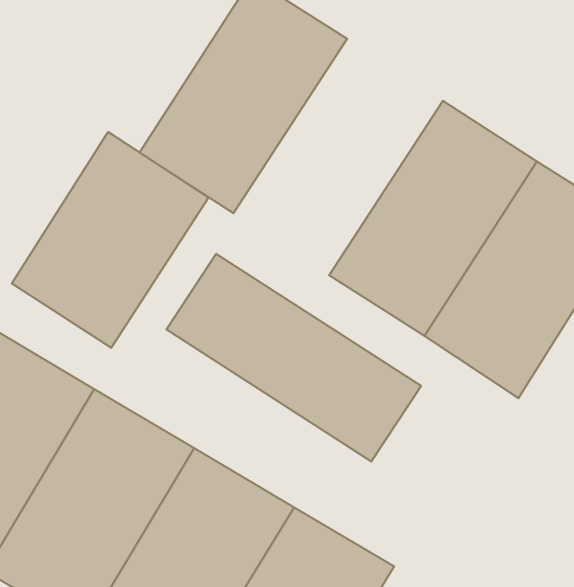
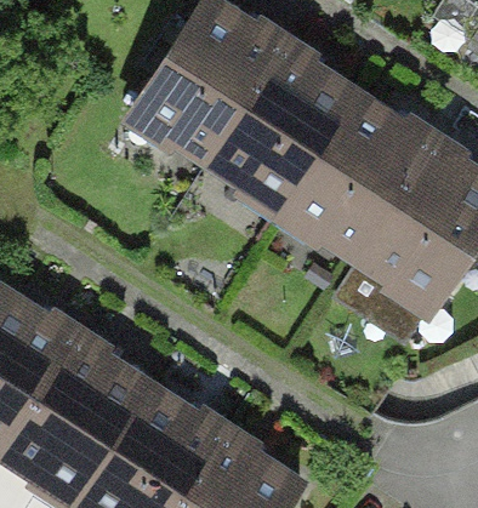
building: none -> [193,44,360,233]
building: [12,132,208,348] -> none
building: [166,254,421,462] -> none

